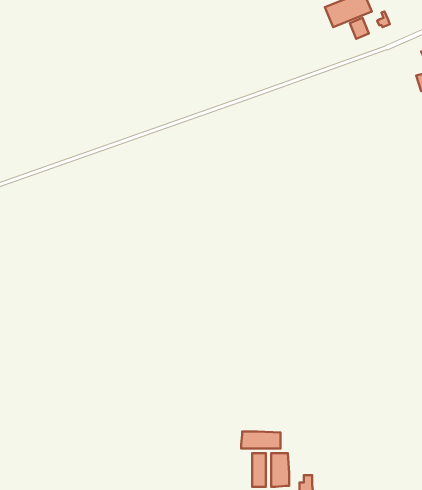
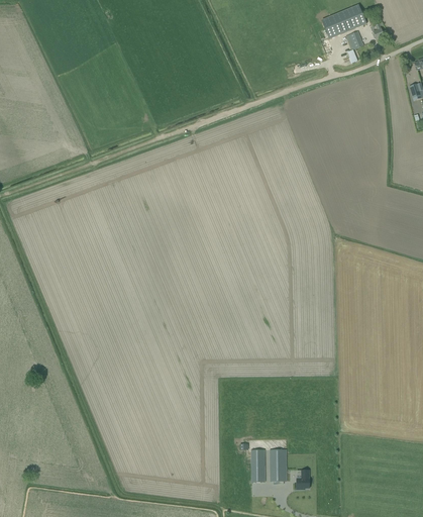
building: [241,432,281,449] -> none

